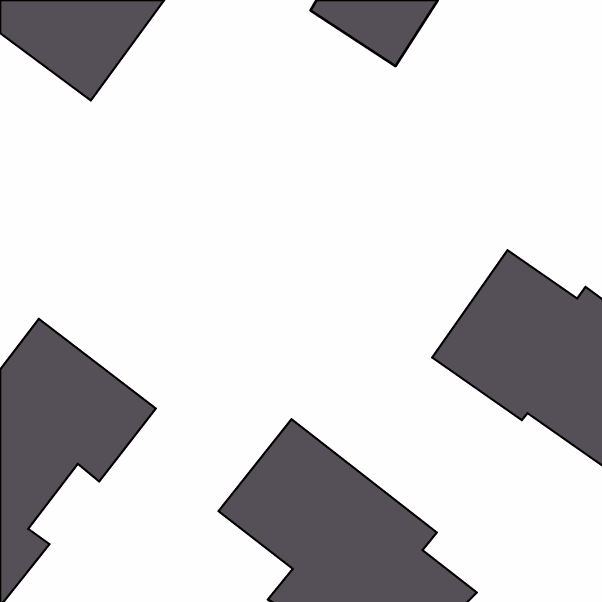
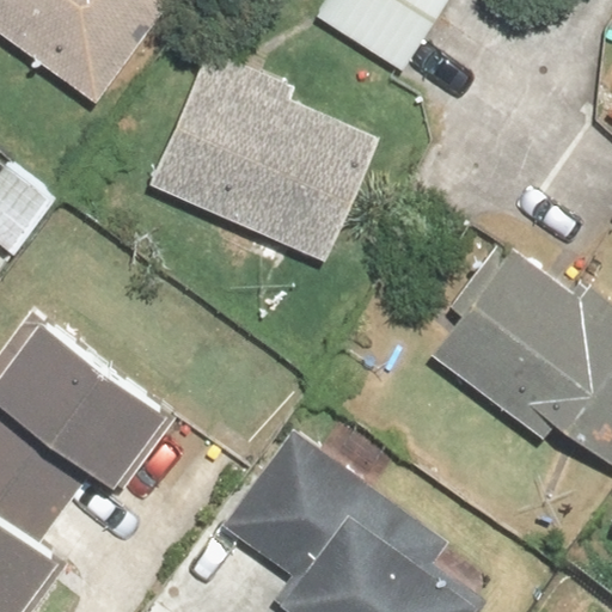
building: none -> [146,45,371,258]

